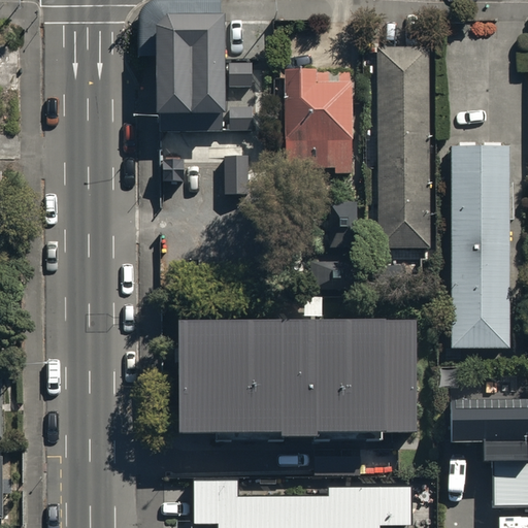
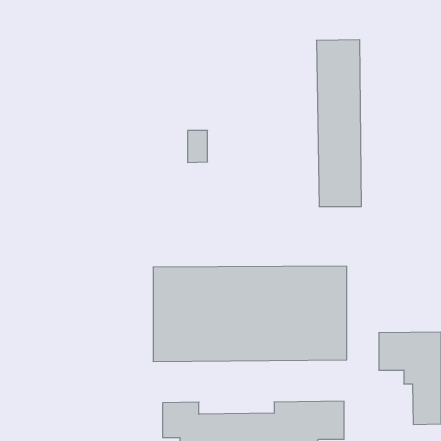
building: [158,14,224,133] -> none
building: [283,68,351,175] -> none
building: [451,150,509,348] -> none

